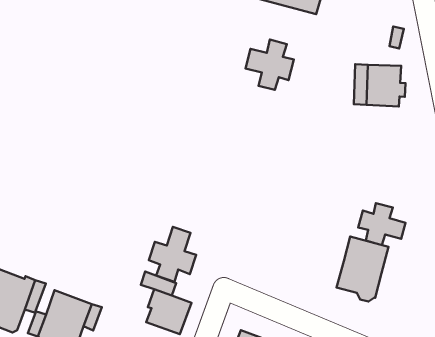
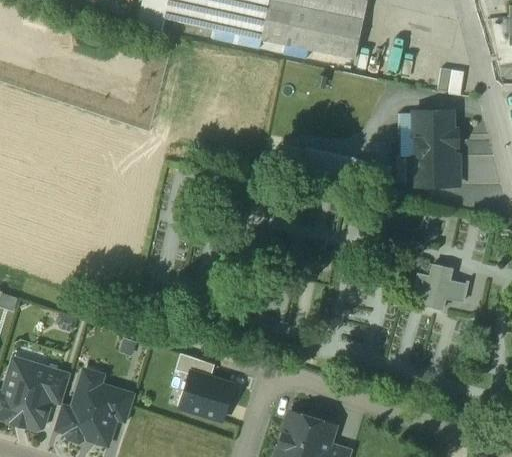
building: [246,40,294,90] -> none
building: none -> [409,156,458,185]
building: [149,227,196,282] -> none
building: [336,237,389,302] -> none

